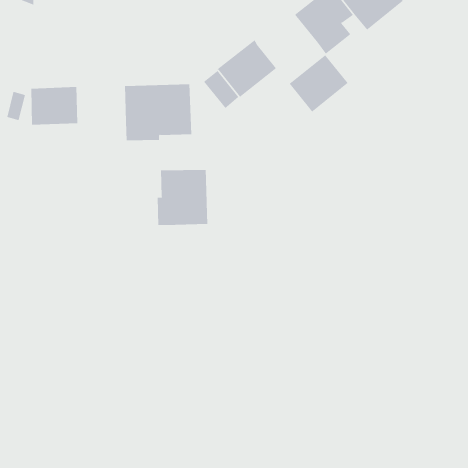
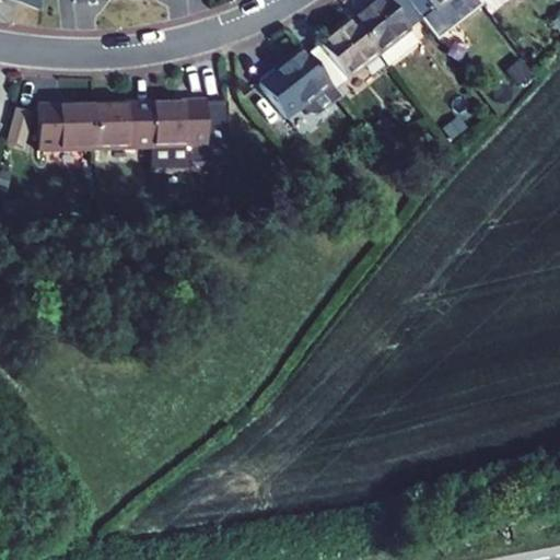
building: [289,54,348,112] -> [308,18,380,86]
building: none -> [94,102,151,147]
building: [157,169,208,226] -> none

